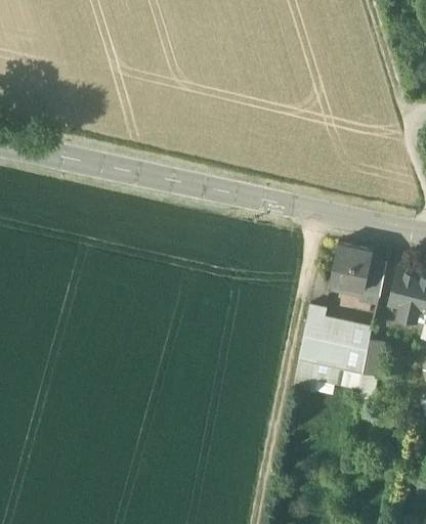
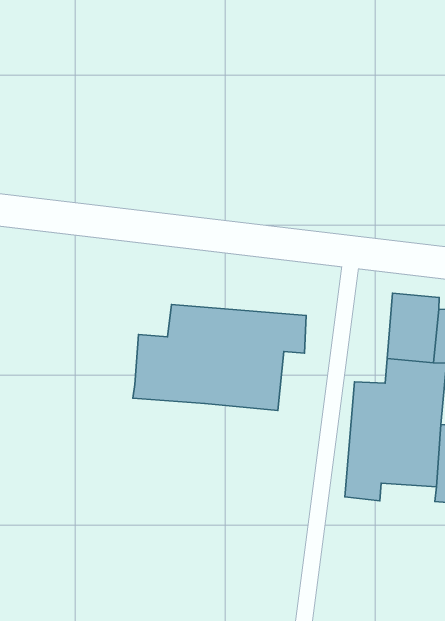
building: none -> [133,305,306,410]

